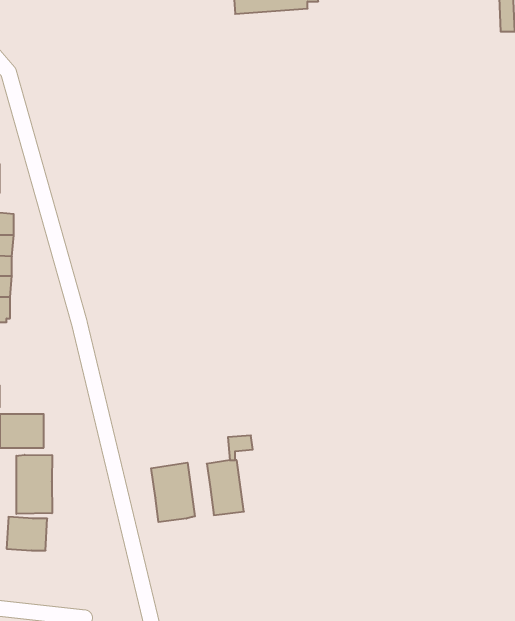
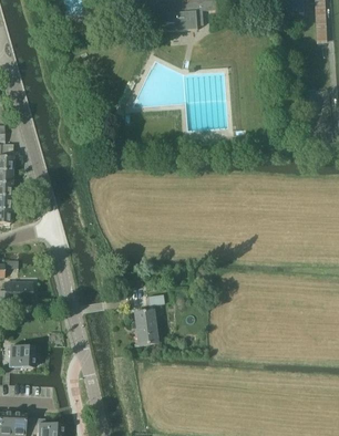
building: [16,455,52,514] -> none
building: [151,463,195,522] -> none

